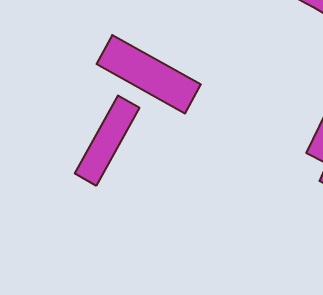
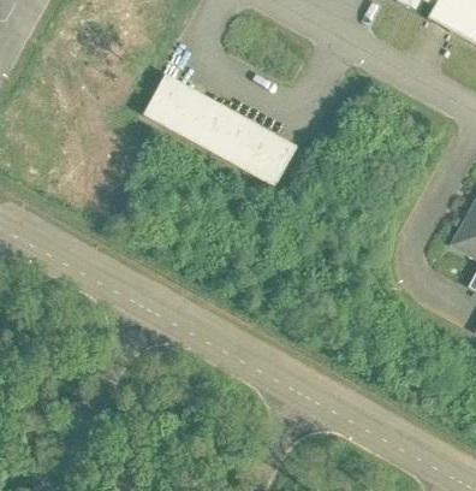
building: [75,95,139,186] -> none

